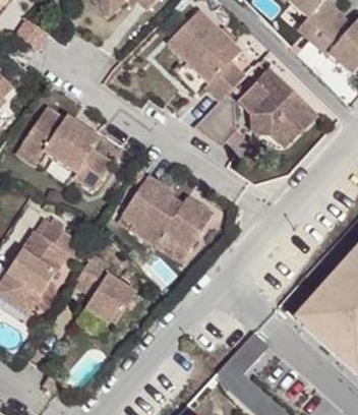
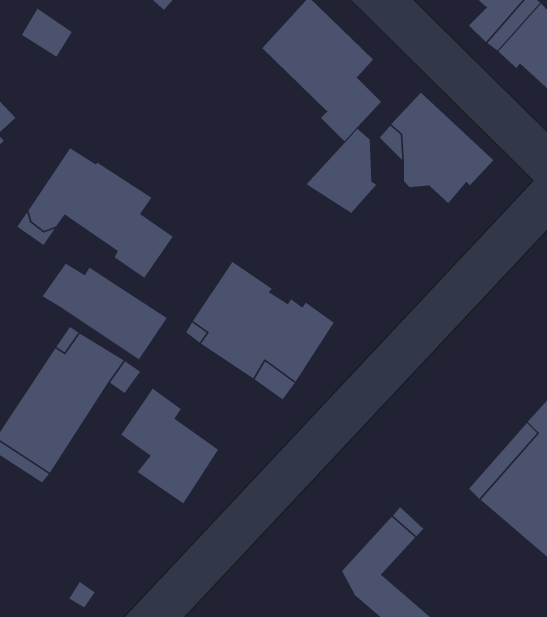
building: none -> [41,262,168,361]

